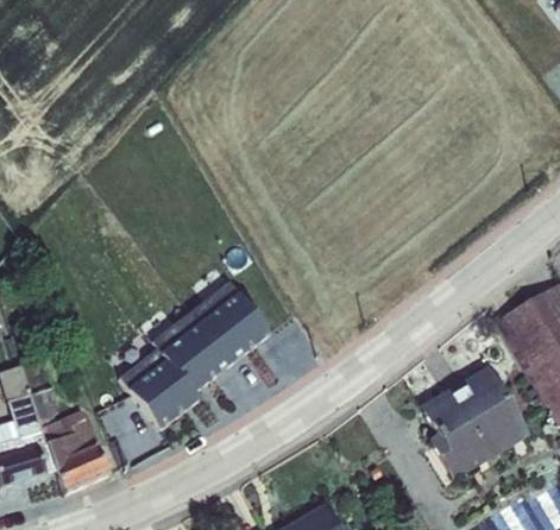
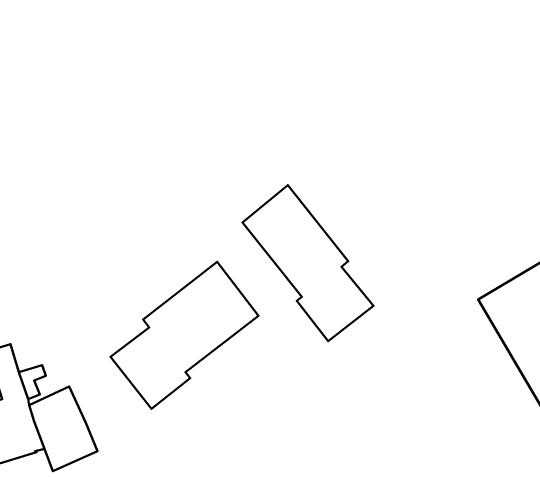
building: none -> [242,185,373,341]
building: [421,364,530,479] -> none

